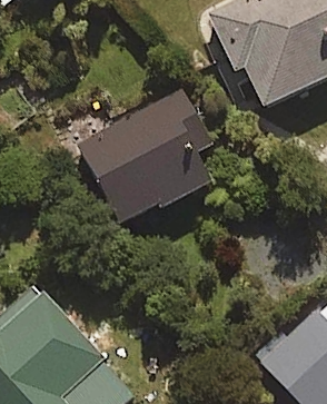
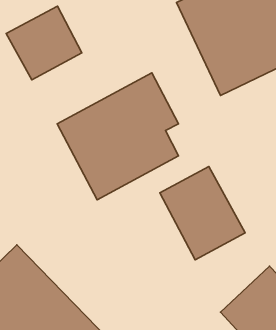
building: none -> [6,6,82,80]
building: none -> [160,167,245,260]

